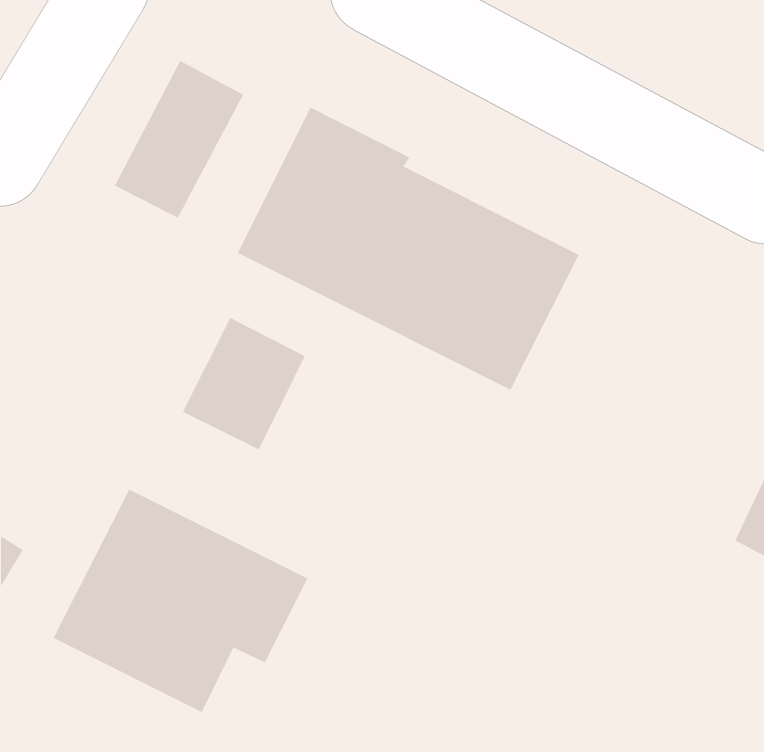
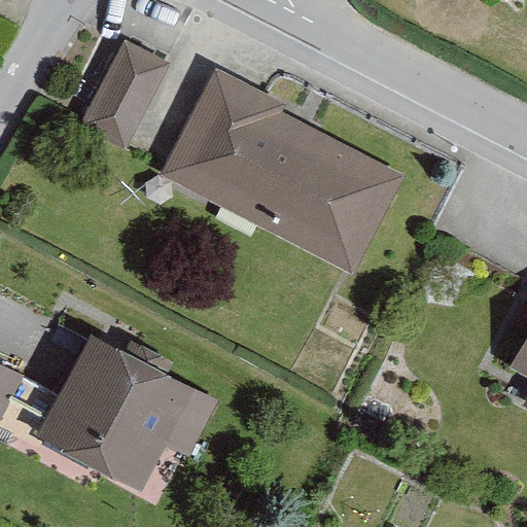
building: [182,317,306,450] -> none

